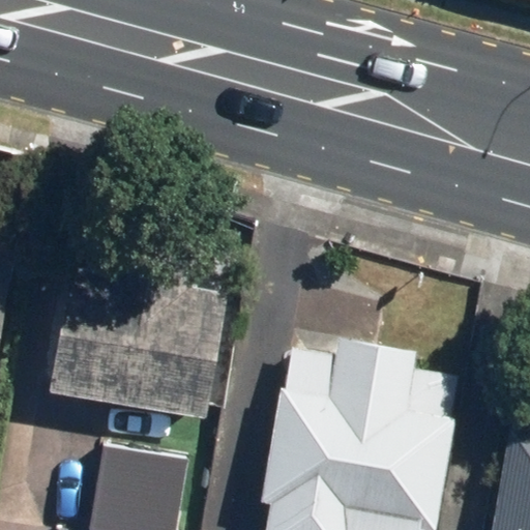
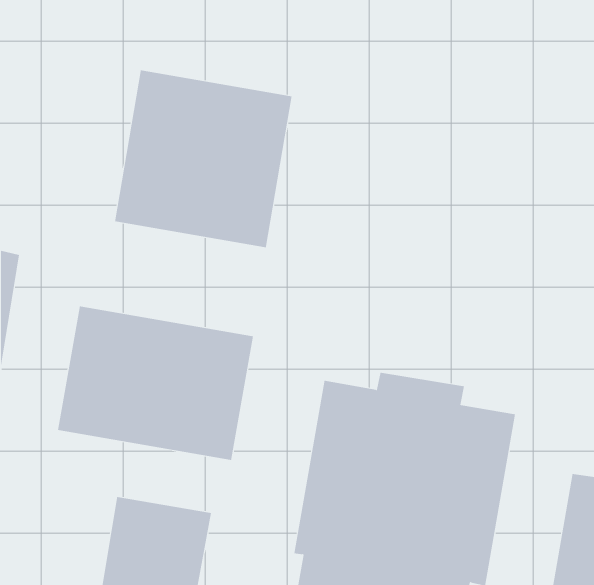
building: none -> [114,69,292,248]

